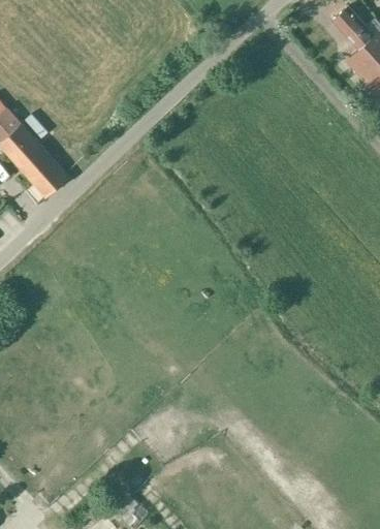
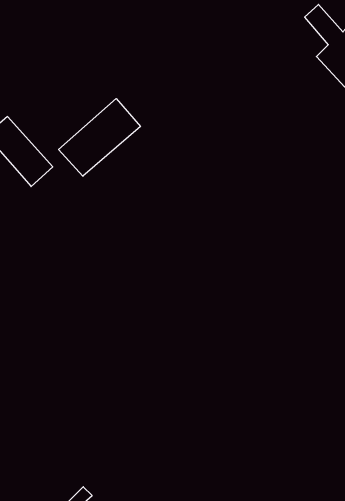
building: none -> [59,99,140,176]

